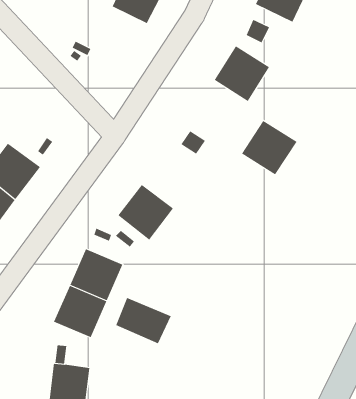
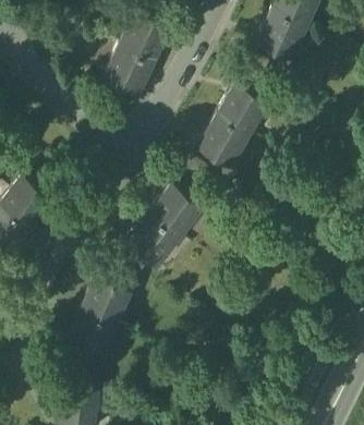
building: none -> [101,48,153,99]
building: [241,120,297,175] -> [195,118,248,170]
building: none -> [147,186,201,240]
building: [115,297,171,344] -> none

